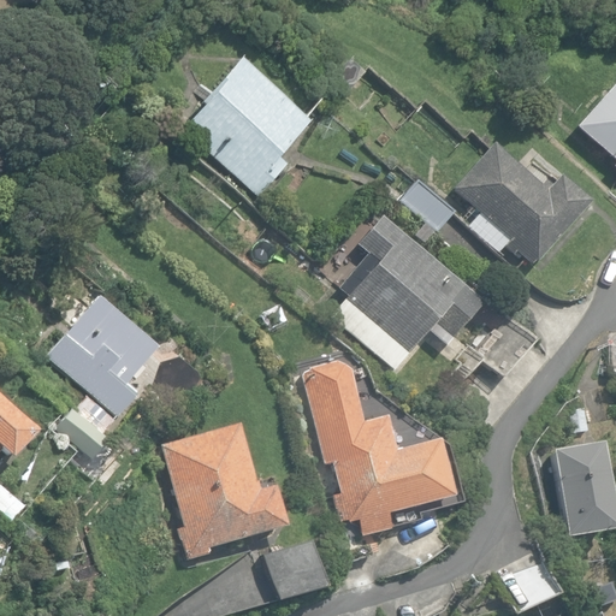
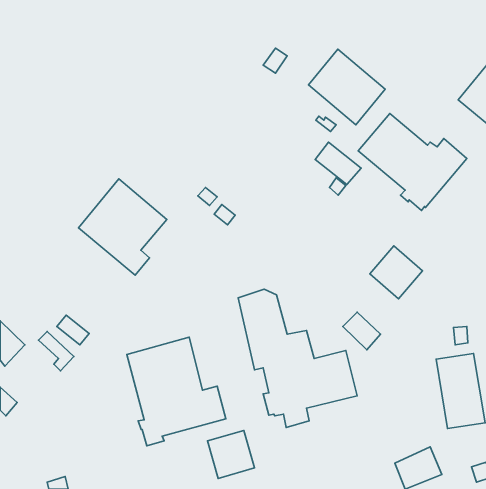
building: [185,58,313,195] -> none
building: none -> [309,49,385,125]
building: [334,215,488,365] -> none
building: [48,291,159,411] -> [78,179,167,275]

